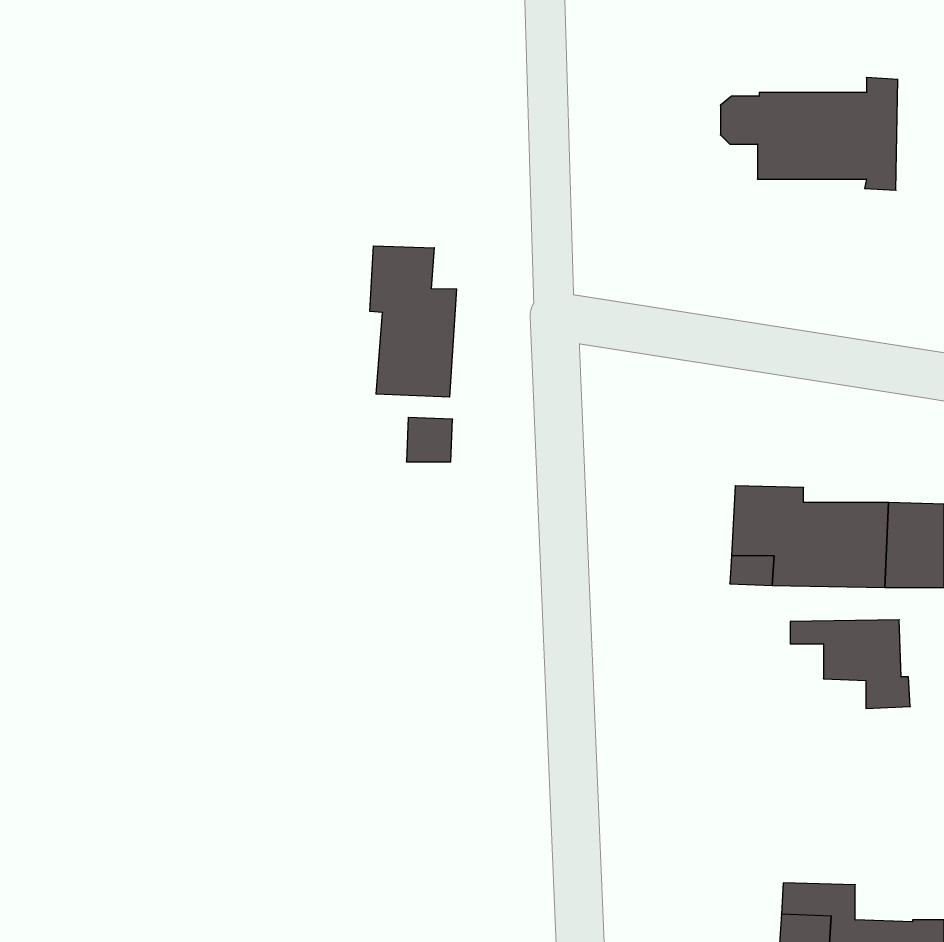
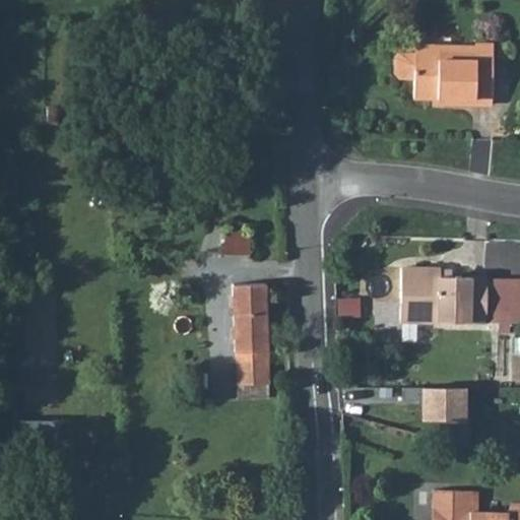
building: [370,246,457,397] -> none
building: none -> [235,283,268,384]
building: [790,620,910,708] -> [406,388,472,437]

